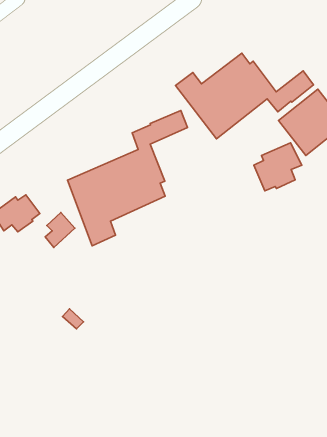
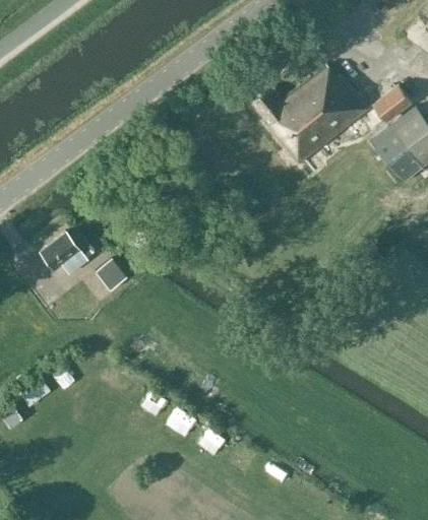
building: [68,110,187,246] -> none
building: [254,143,302,191] -> none

